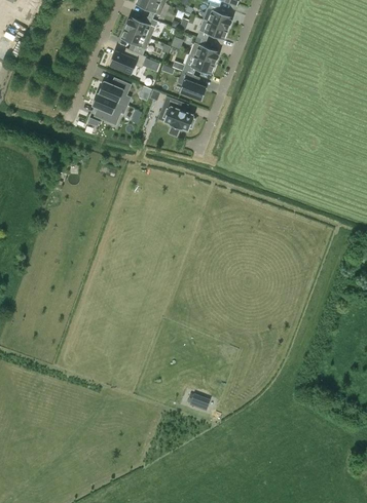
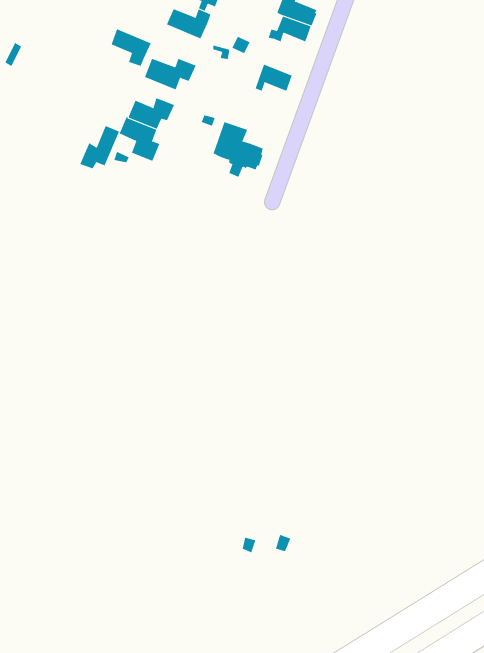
building: [120,28,149,54] -> [111,29,151,66]
building: [189,38,218,64] -> none
building: [178,72,207,103] -> none
building: none -> [79,125,120,169]

